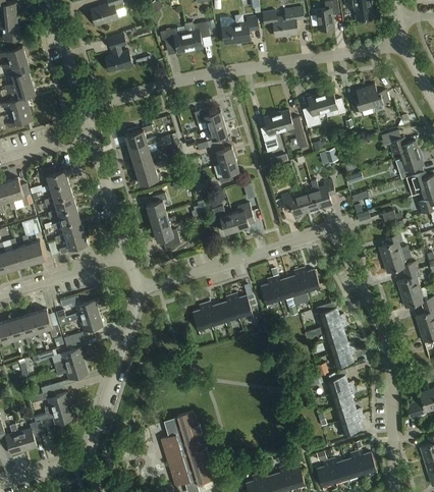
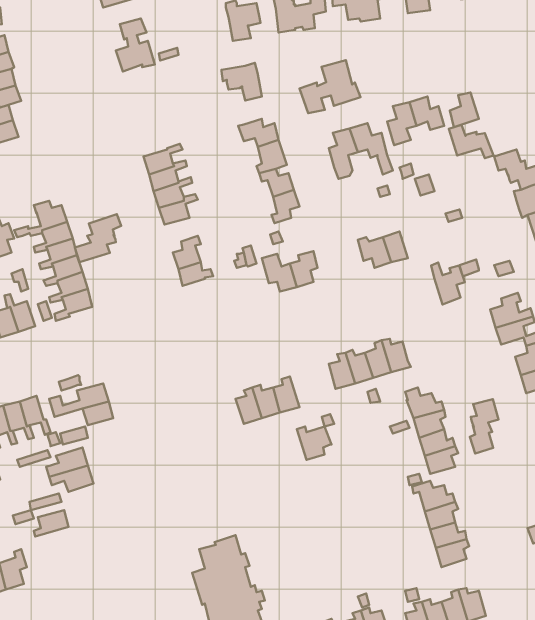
building: [160,25,189,53] -> [221,63,262,101]
building: none -> [300,60,361,113]
building: [364,85,396,109] -> [449,125,493,158]
building: none -> [75,214,121,262]
building: [310,178,334,209] -> [431,263,465,304]
building: [153,224,179,248] -> none
building: [231,293,257,318] -> [297,427,331,460]
building: none -> [470,399,499,454]
building: [34,405,73,435] -> none

